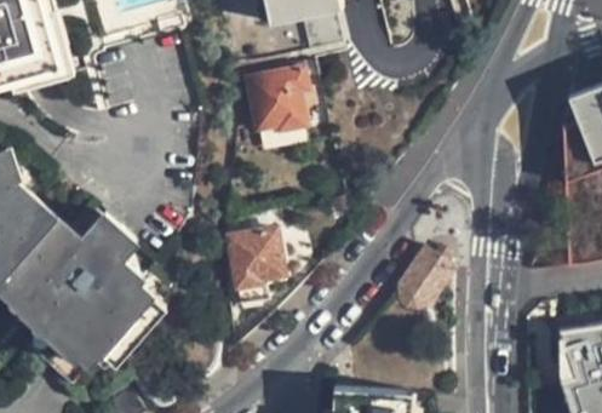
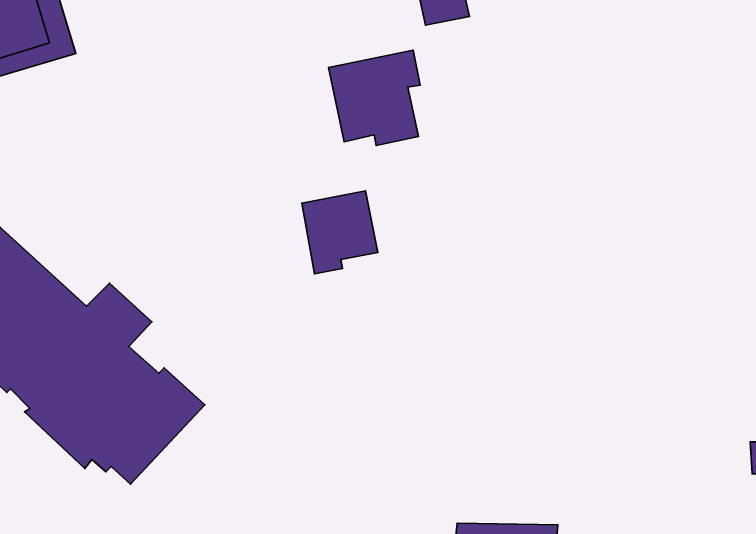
building: [233,230,285,287] -> [302,191,378,274]
building: [401,249,454,310] -> none

